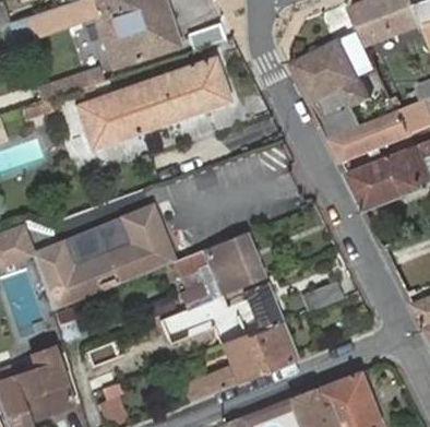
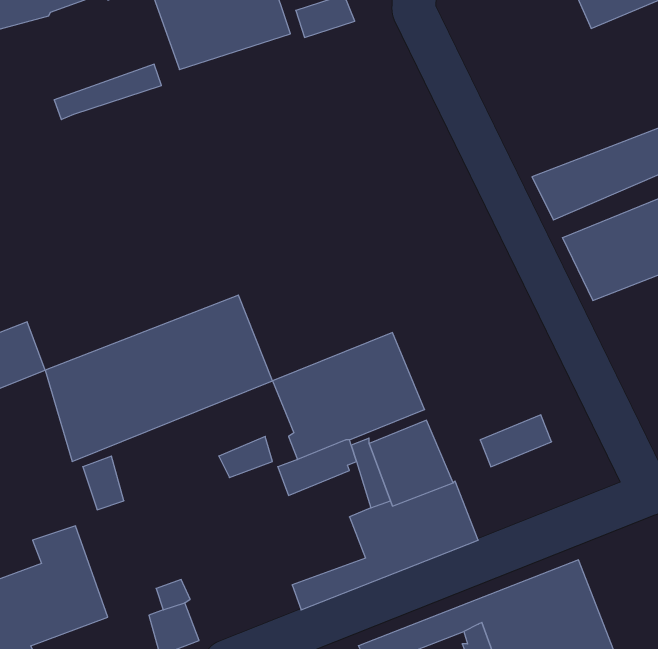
building: [294,39,373,137] -> none
building: [75,55,232,149] -> none

